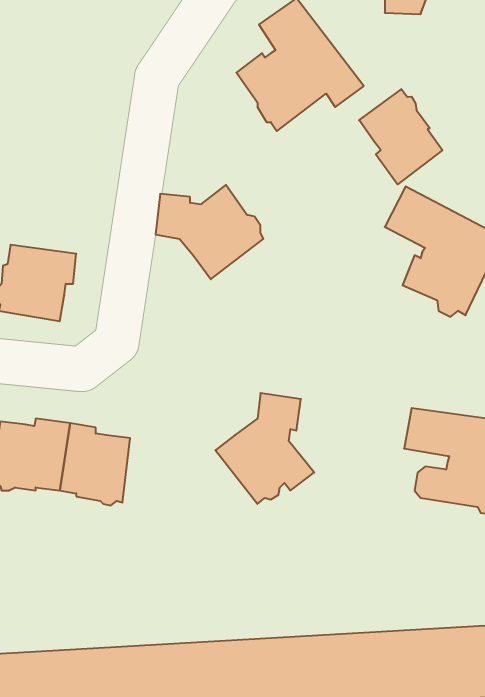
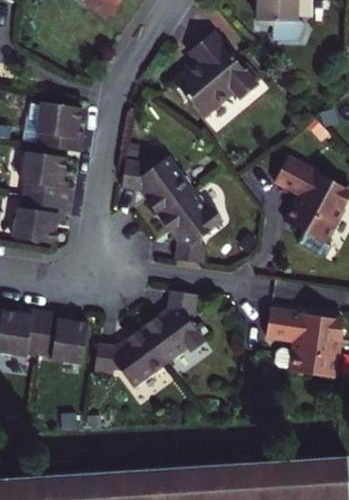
building: [359,89,442,184] -> none
building: none -> [33,100,82,153]
building: none -> [20,153,67,202]
building: none -> [154,192,221,266]
building: none -> [111,333,185,394]

